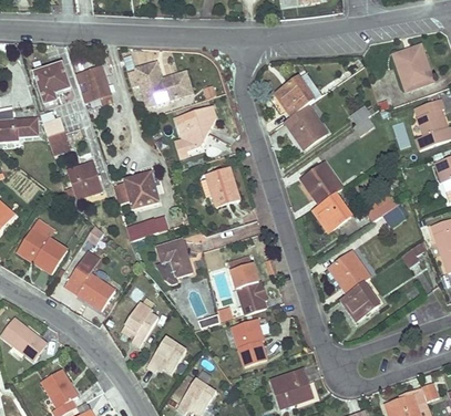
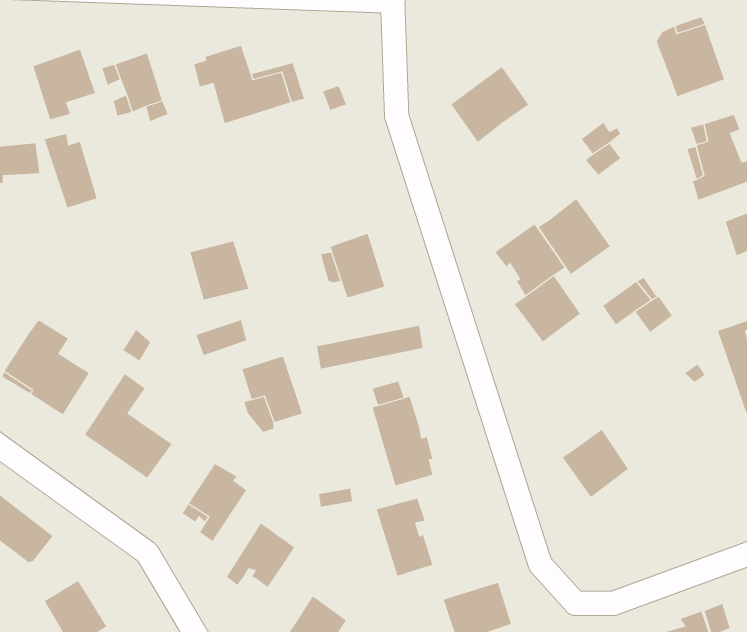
building: [285,104,327,148] -> [538,198,611,275]
building: [175,105,216,157] -> none
building: [69,162,101,197] -> none
building: [329,251,370,293] -> none

